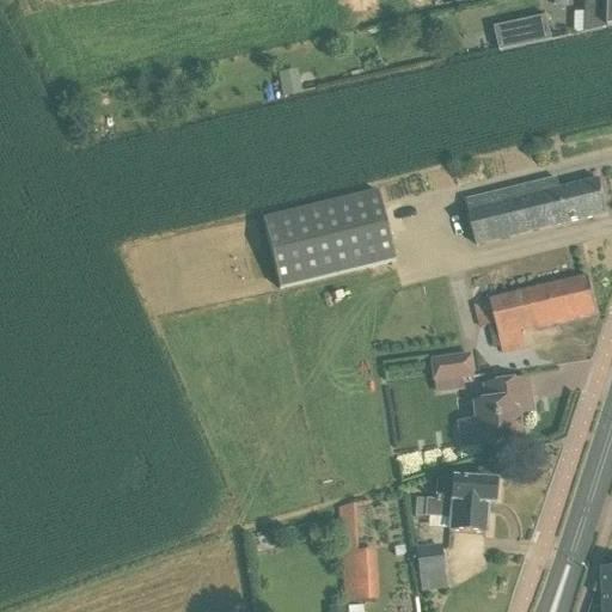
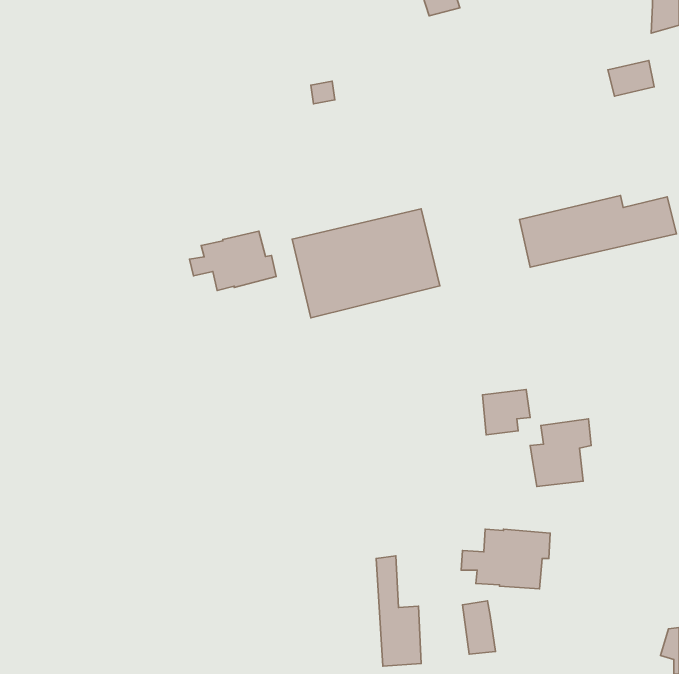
building: [495,16,537,48] -> [608,60,654,96]
building: none -> [190,231,276,290]
building: [475,274,598,349] -> none

